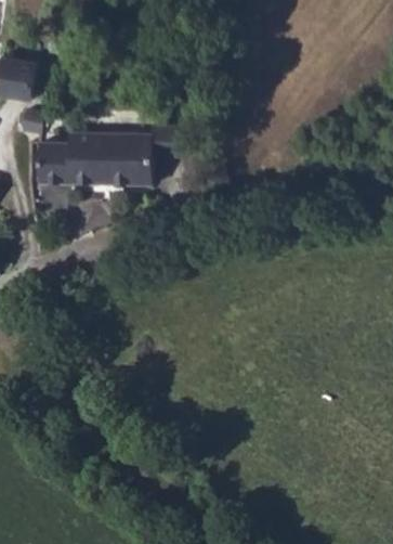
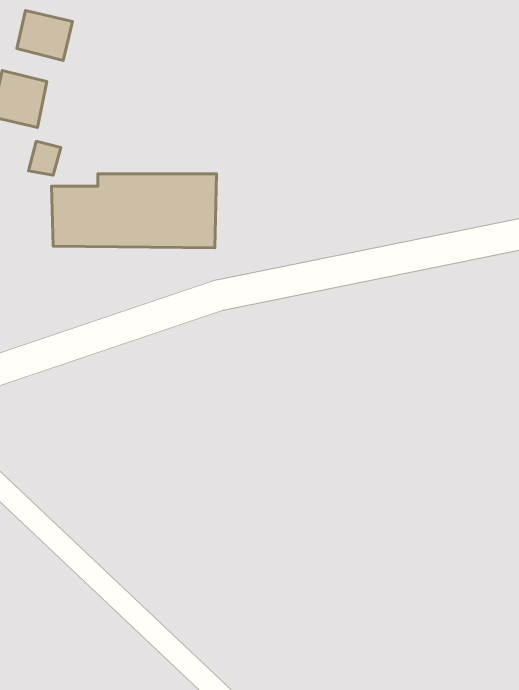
building: none -> [17,11,72,61]

